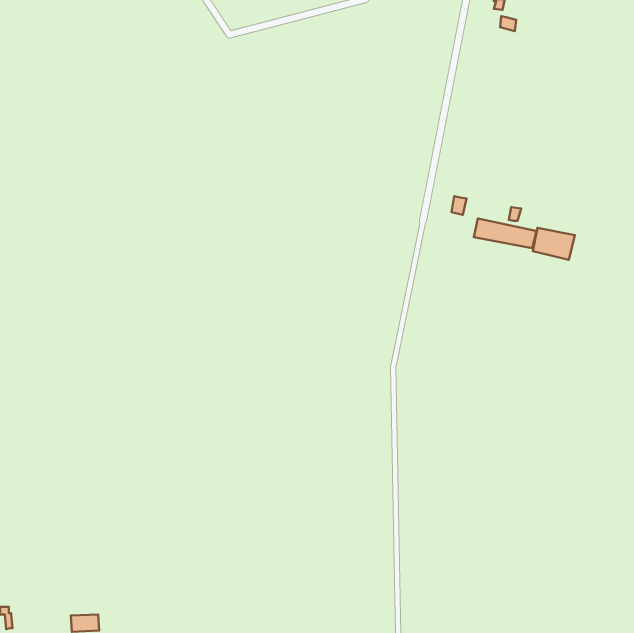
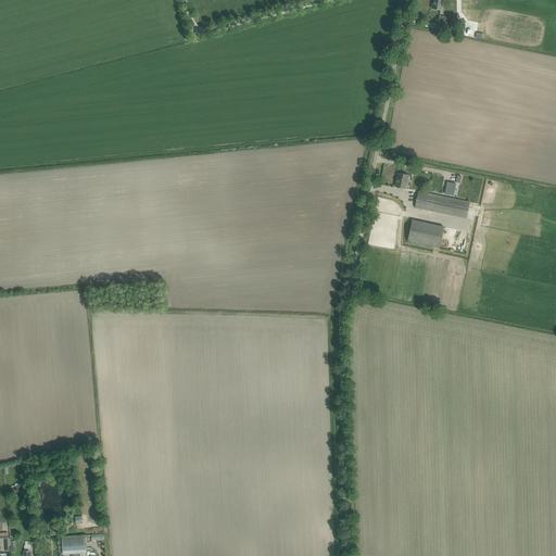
building: [533,228,575,260] -> [407,219,444,248]

